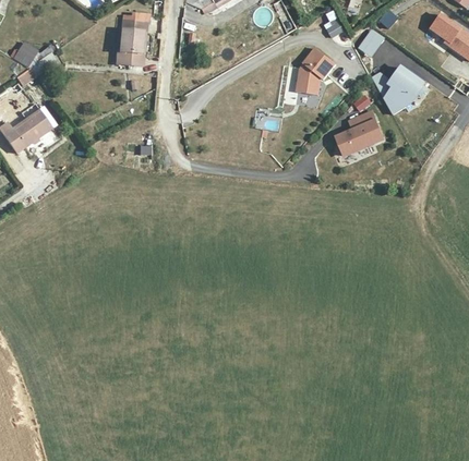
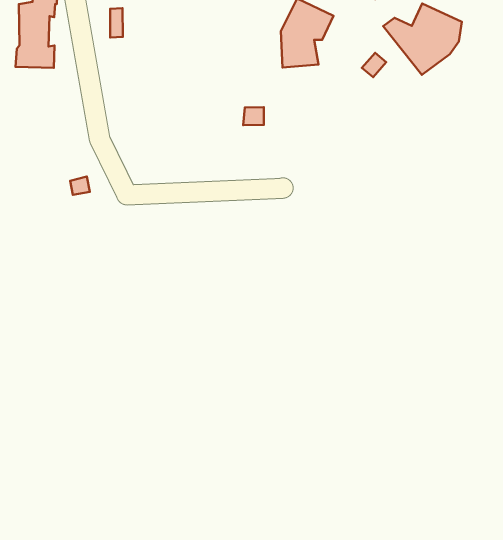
building: [335,109,385,158] -> none

